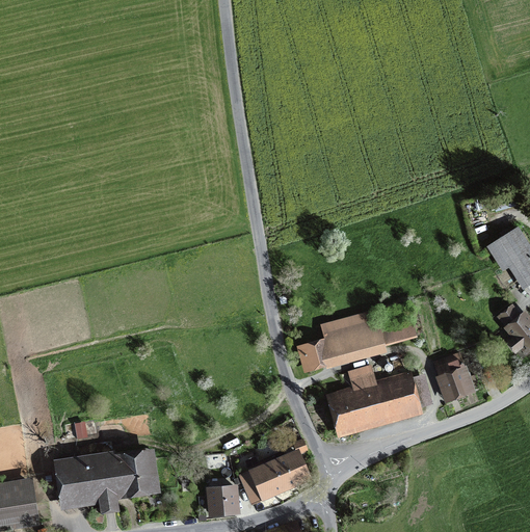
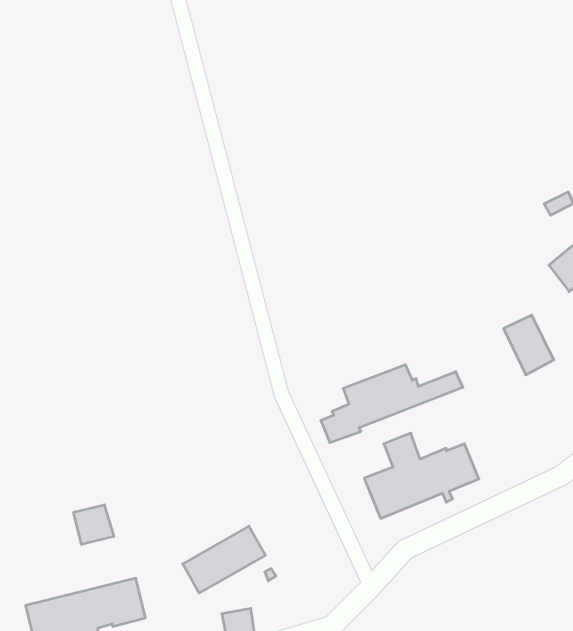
building: [435,352,472,398] -> [504,315,554,375]
building: none -> [74,505,114,545]
building: [242,453,307,501] -> [183,526,265,593]

